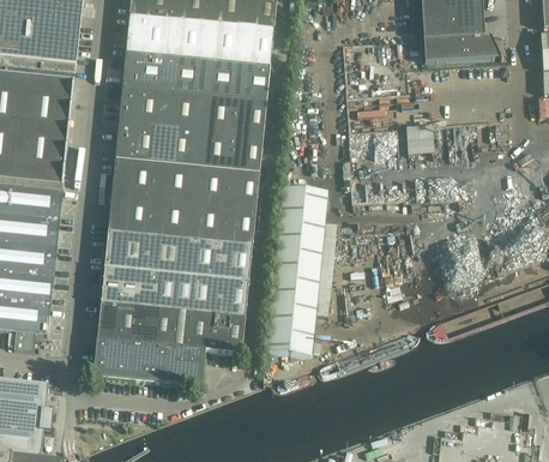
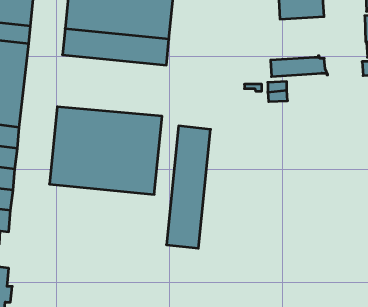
building: [423,31,502,60] -> [271,56,328,77]
building: [115,86,266,172] -> none
building: [95,265,249,384] -> none

